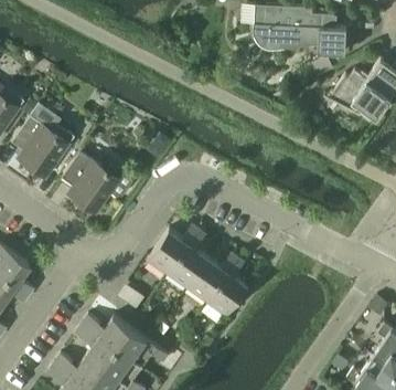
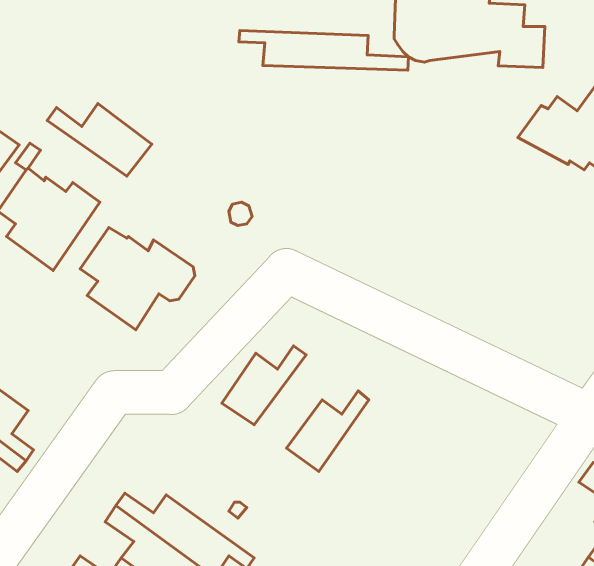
building: none -> [239,31,408,70]
building: none -> [47,103,152,176]
building: [168,232,210,289] -> none
building: [207,260,248,317] -> none

